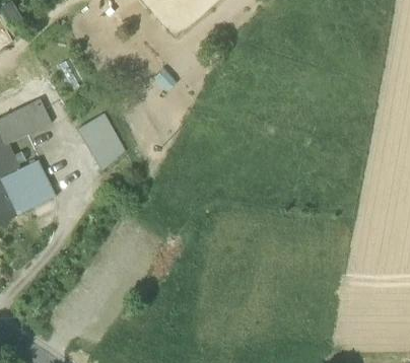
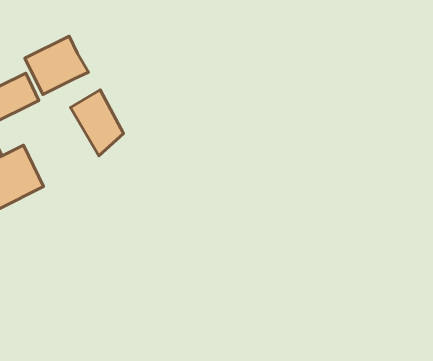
building: none -> [25,36,89,95]

